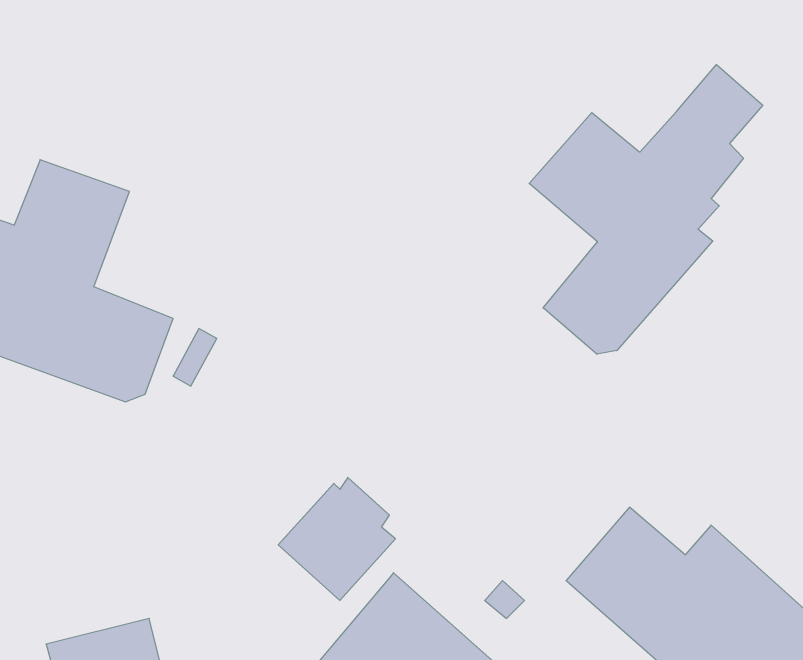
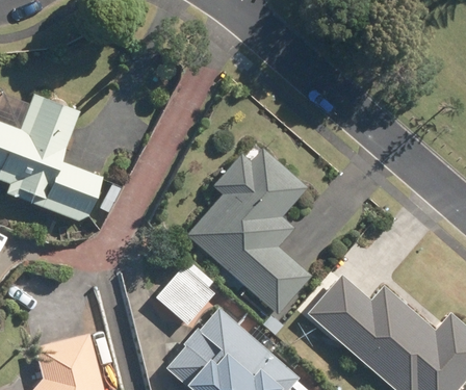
building: [529,65,763,354] -> none
building: none -> [188,149,313,314]

